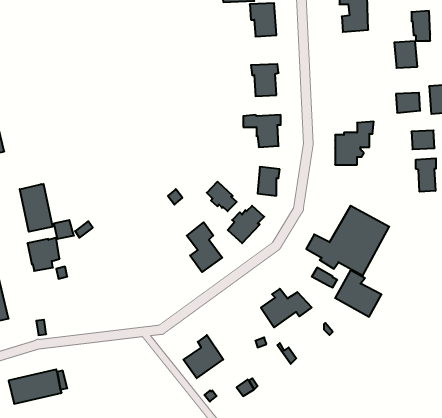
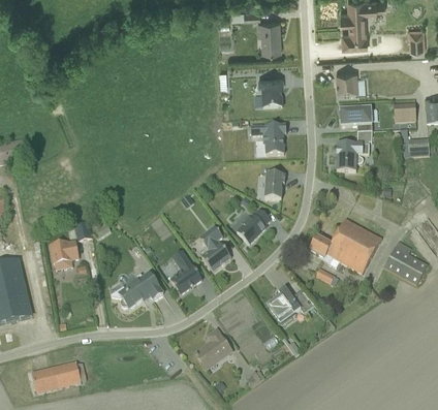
building: [394,41,417,68] -> [336,71,357,96]
building: none -> [338,107,372,131]
building: [416,158,436,192] -> none
building: [207,182,237,211] -> none
building: [20,184,53,232] -> none
building: none -> [168,250,201,294]
building: [335,270,382,317] -> [383,241,427,284]
building: none -> [117,272,162,309]

